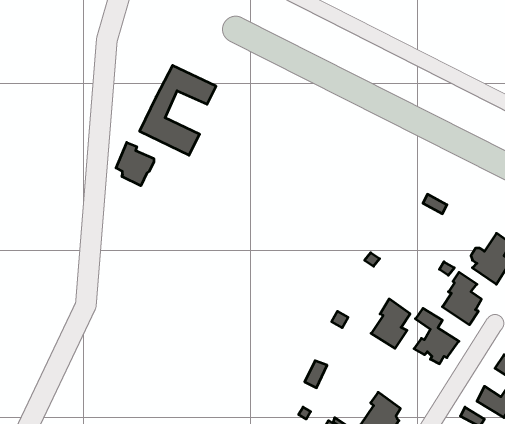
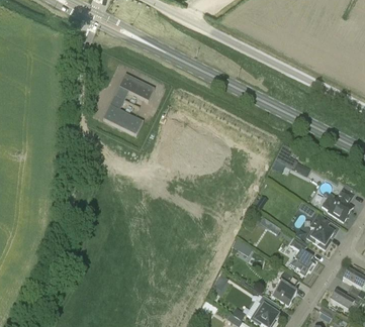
building: [116,142,154,186] -> none
building: [371,299,410,348] -> [272,270,298,304]

